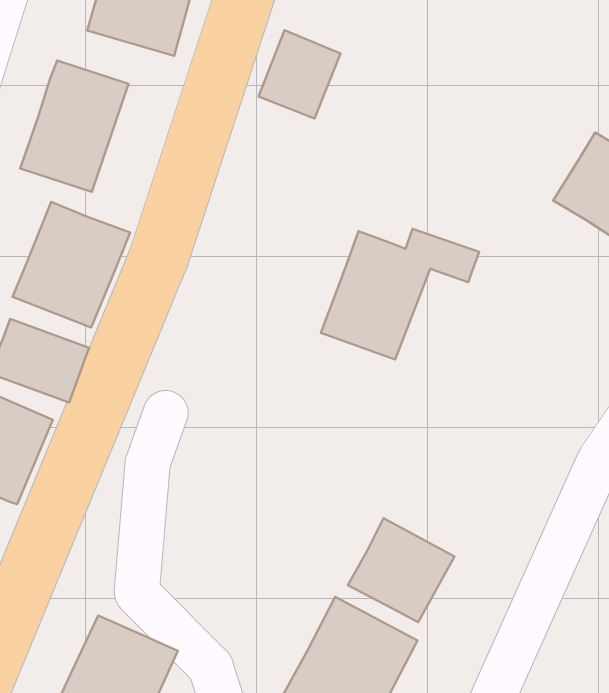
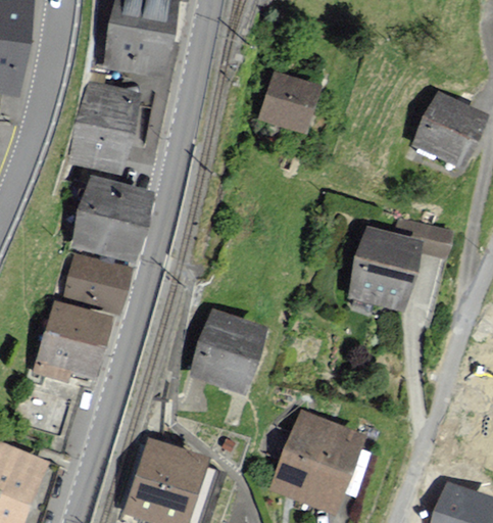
building: [259,30,341,118] -> [265,75,315,130]
building: [321,229,479,360] -> [352,223,449,308]
building: none -> [192,312,264,389]
building: [348,518,455,622] -> none

